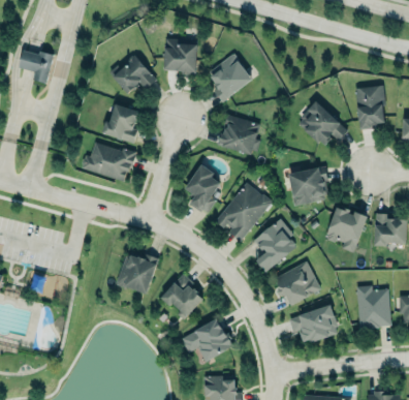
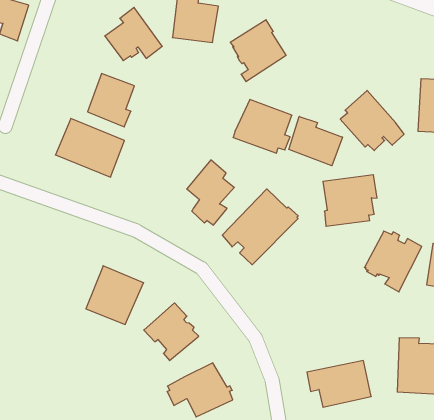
building: none -> [289,116,343,166]
building: [253,219,296,272] -> none
building: [275,260,321,305] -> none

